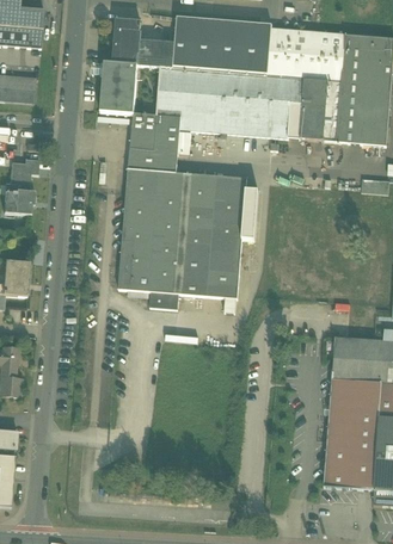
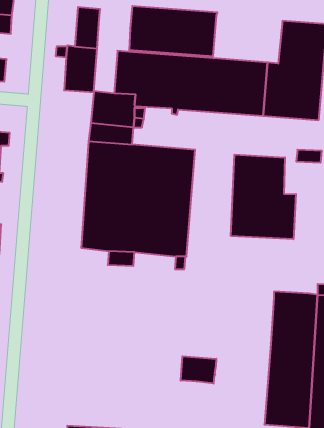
building: [268,27,345,81] -> none
building: [137,31,174,68] -> none
building: none -> [231,155,296,239]
building: none -> [181,356,216,384]

